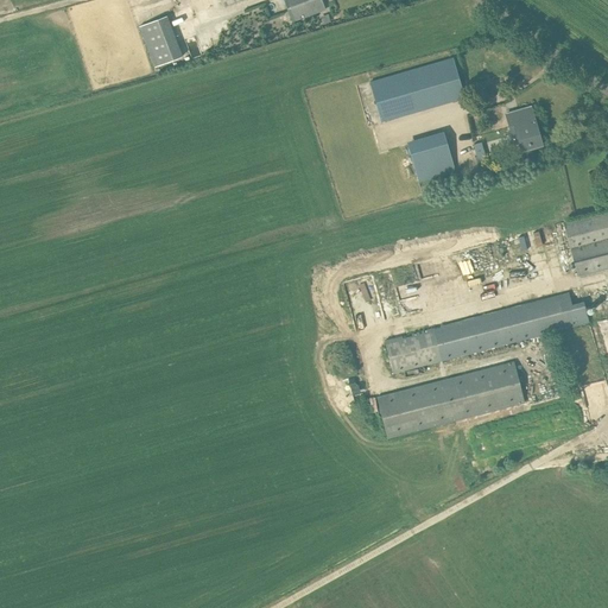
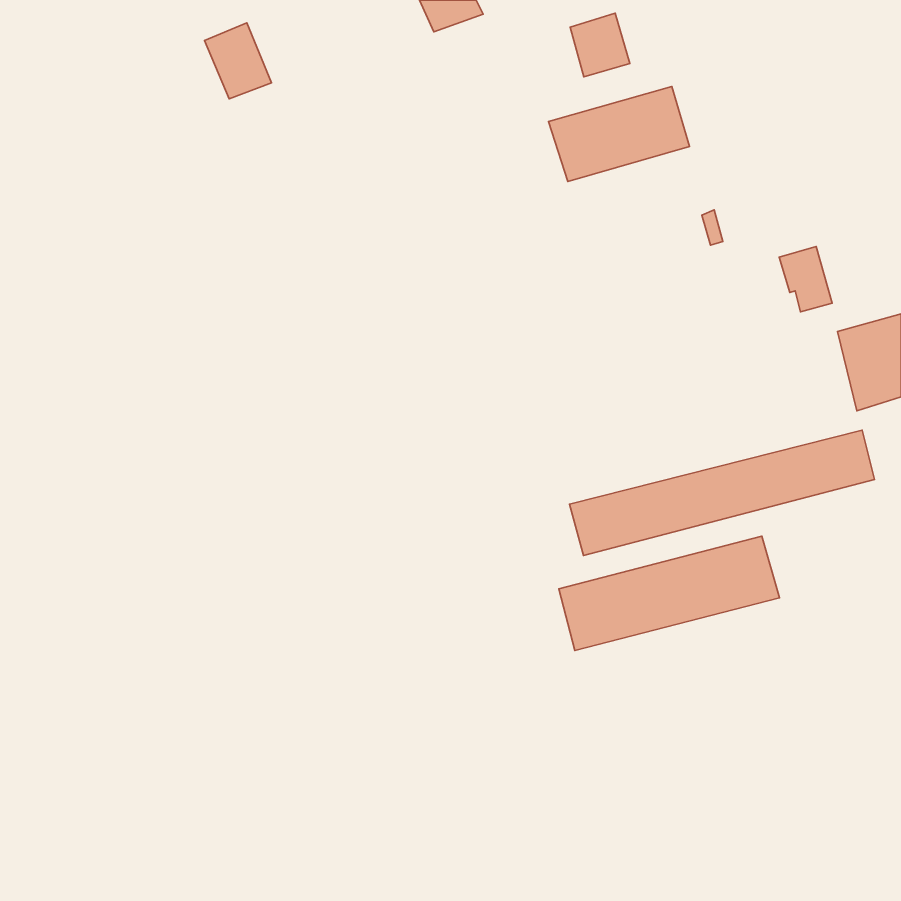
building: none -> [570,13,630,77]
building: [506,107,542,151] -> [779,247,832,312]
building: [408,131,456,180] -> none

